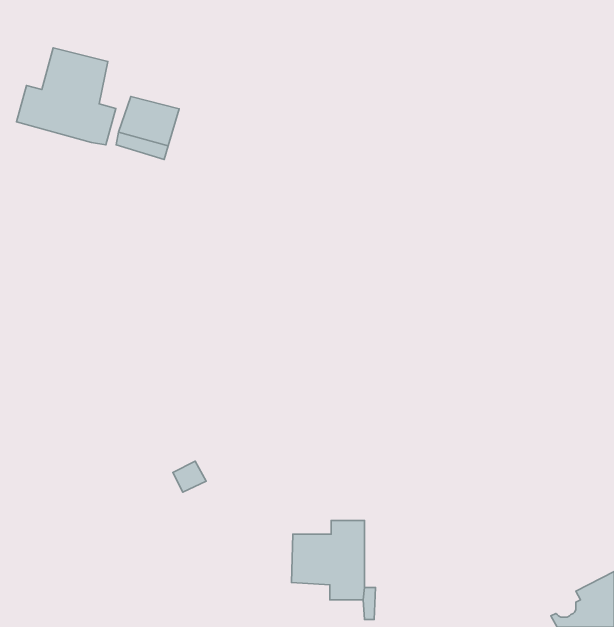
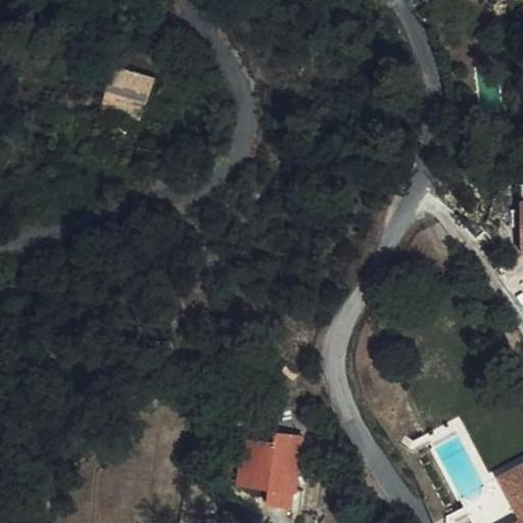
building: [16,48,116,145] -> none

